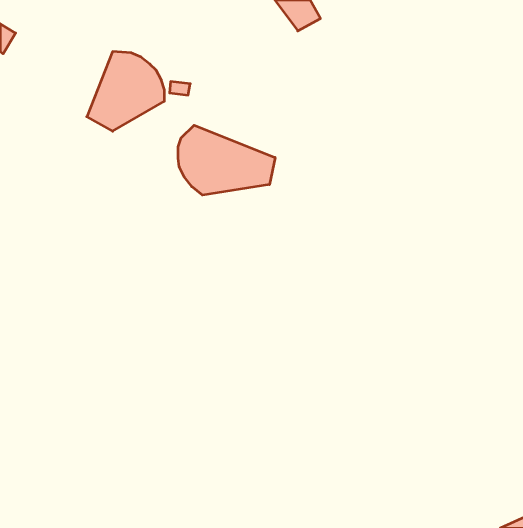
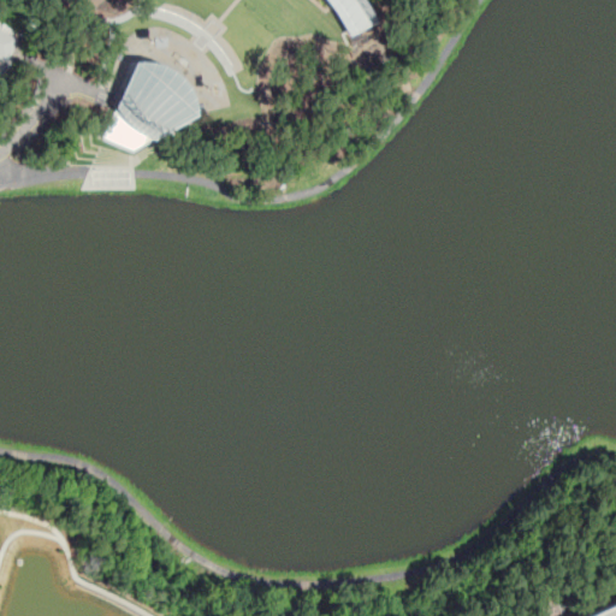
building: [178,125,275,195] -> none

